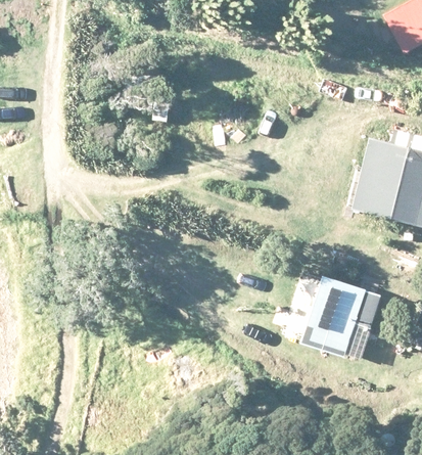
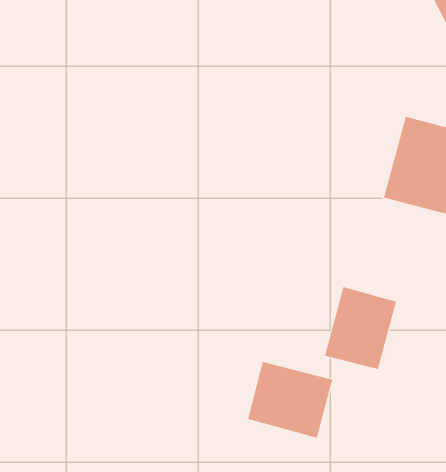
building: none -> [247,361,333,439]

